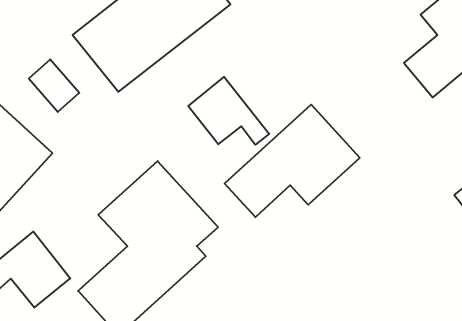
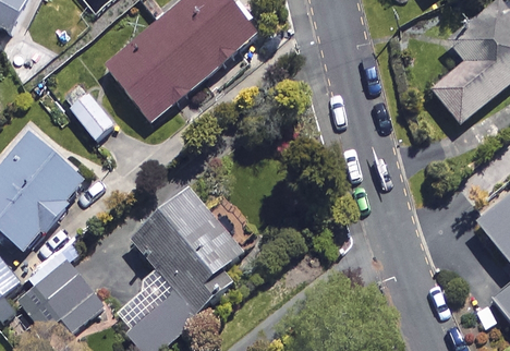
building: [188,77,269,145] -> none
building: [225,105,360,217] -> none

